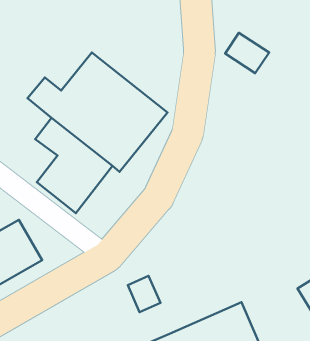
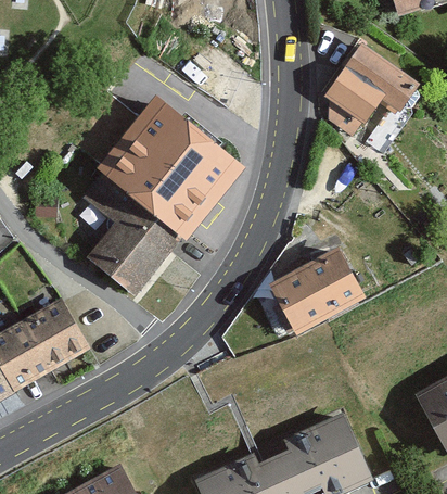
building: none -> [340,41,419,109]
building: none -> [265,241,361,328]
building: [128,276,160,312] -> none

